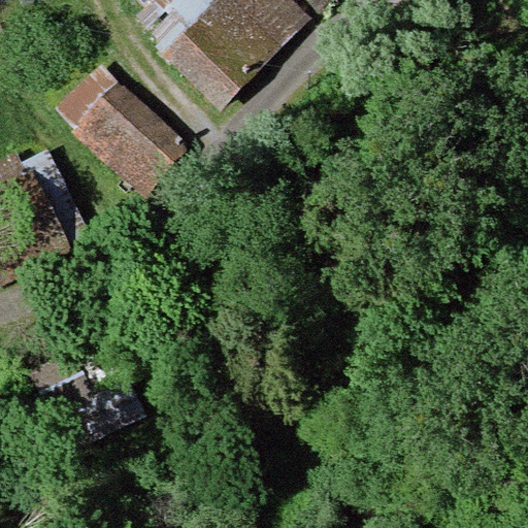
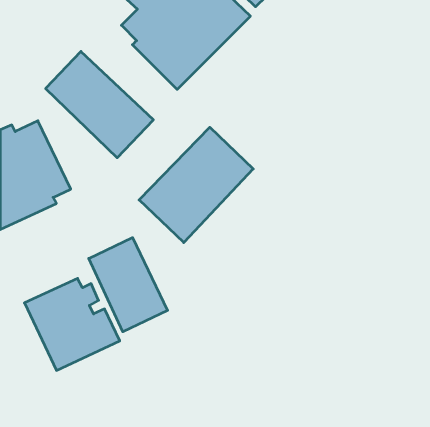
building: none -> [139,127,253,243]
building: none -> [89,238,168,332]

